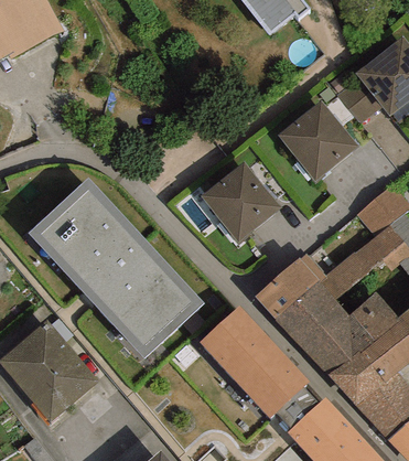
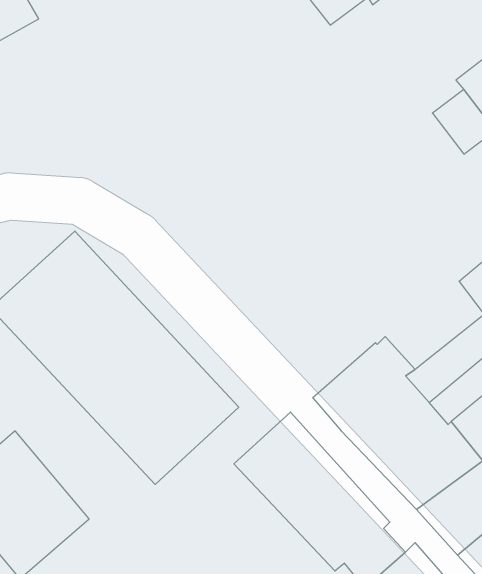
building: [278,101,358,181] -> none
building: [201,163,281,244] -> none

